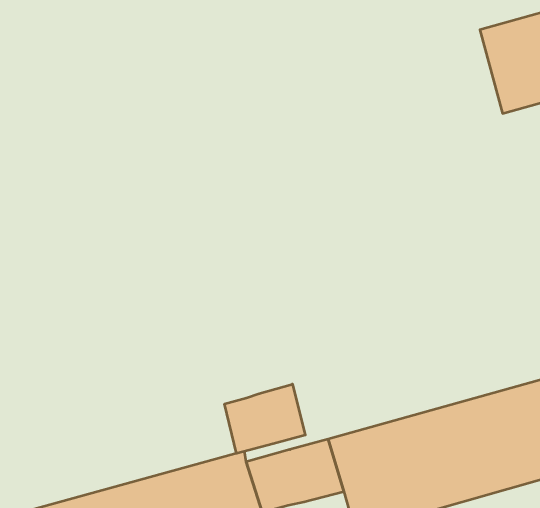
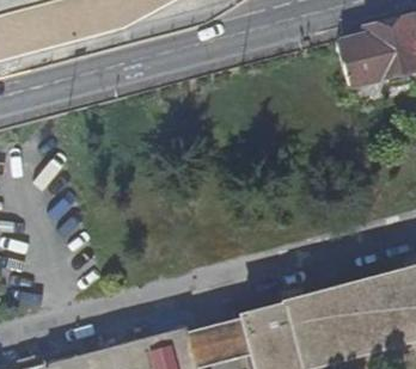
building: [225,384,305,453] -> none

